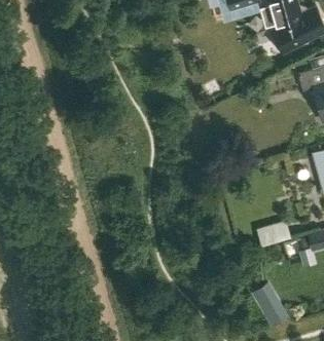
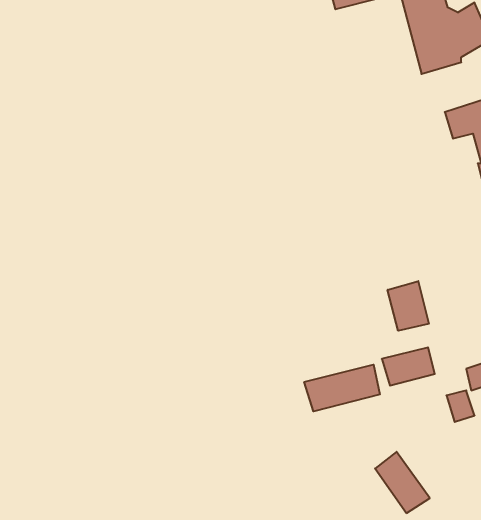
building: none -> [388,281,429,331]
building: none -> [304,365,380,411]

